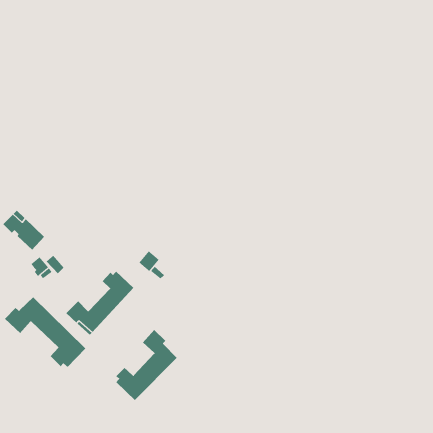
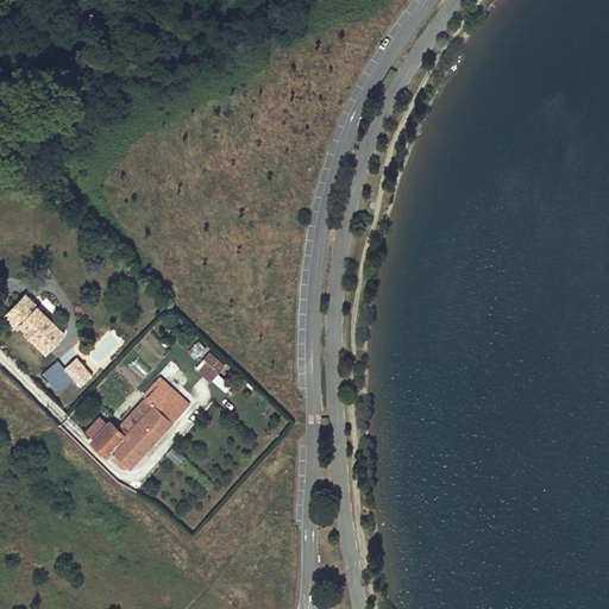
building: [4,297,86,368] -> none
building: [115,329,178,401] -> none

